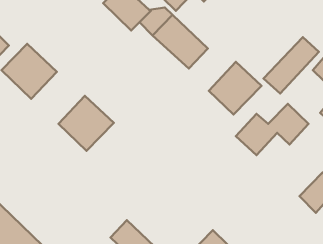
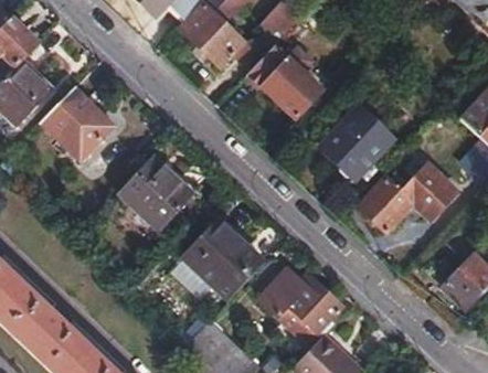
building: [263,37,319,94] -> none
building: none -> [183,219,267,301]
building: none -> [264,269,342,339]

